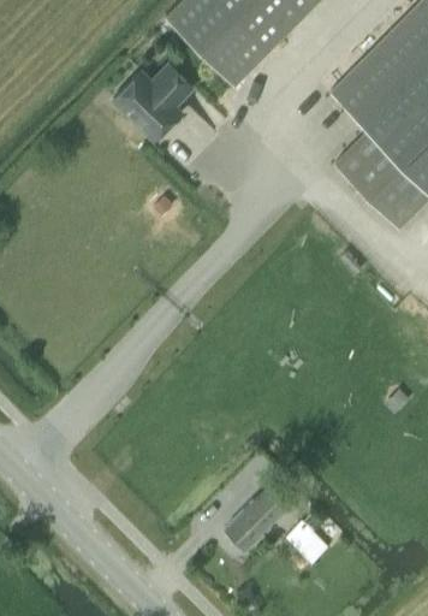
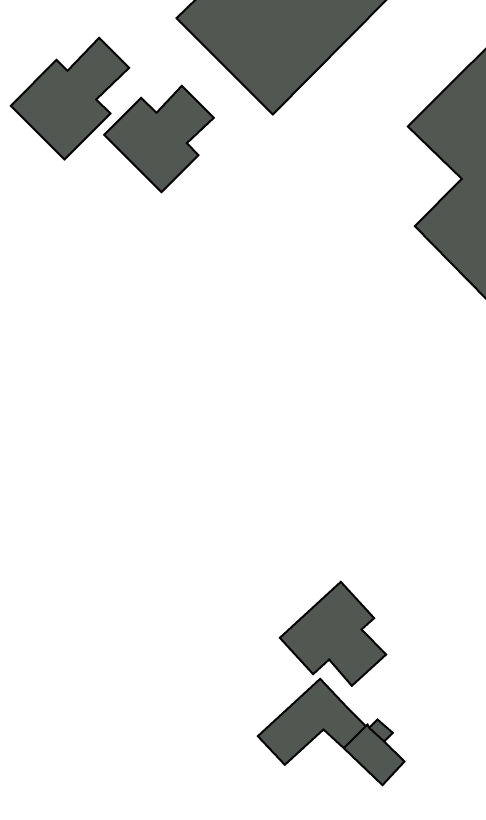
building: none -> [11,38,129,160]
building: none -> [280,582,386,686]

